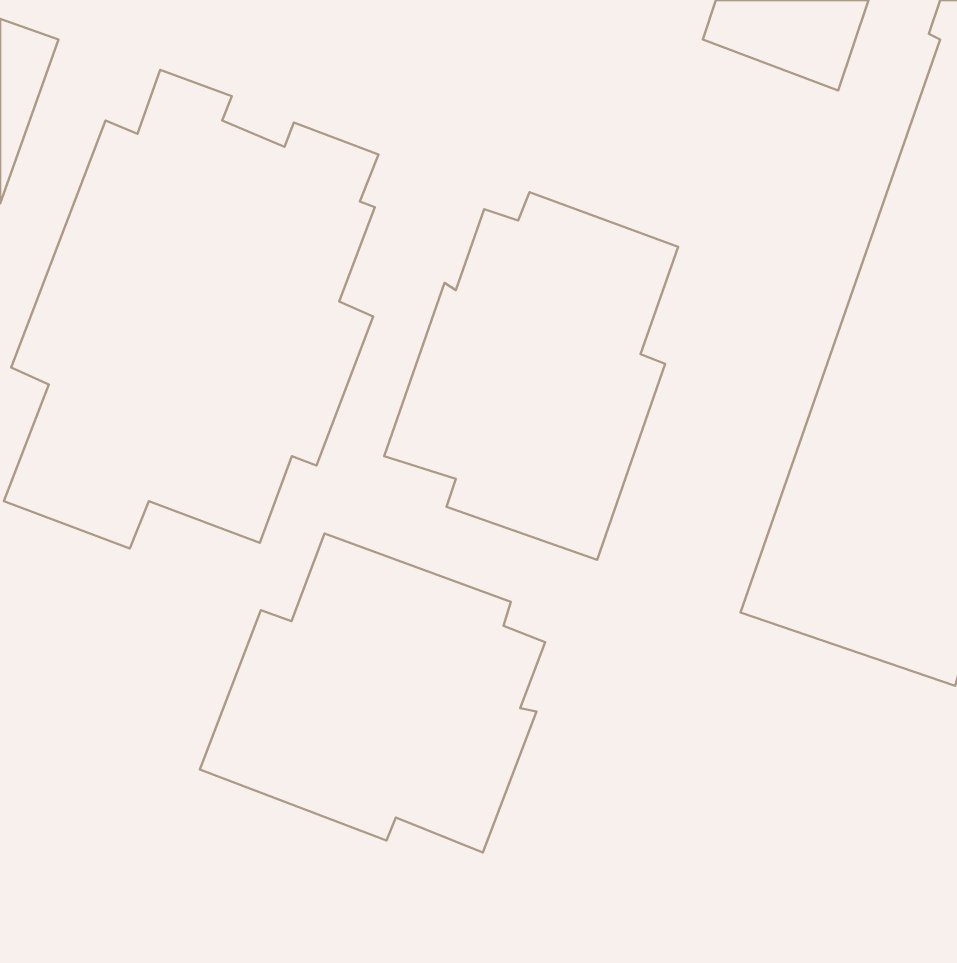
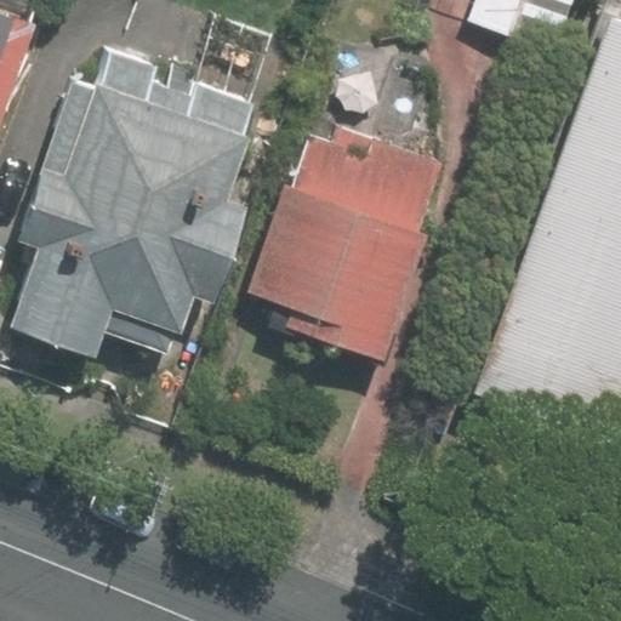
building: [200,534,545,853] -> none

